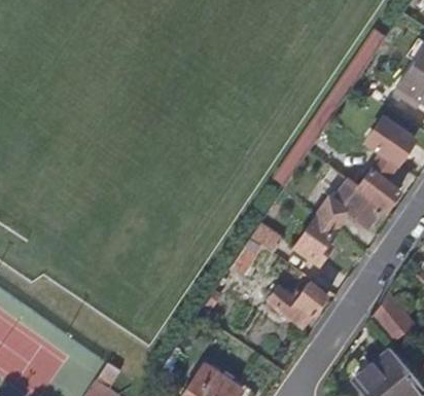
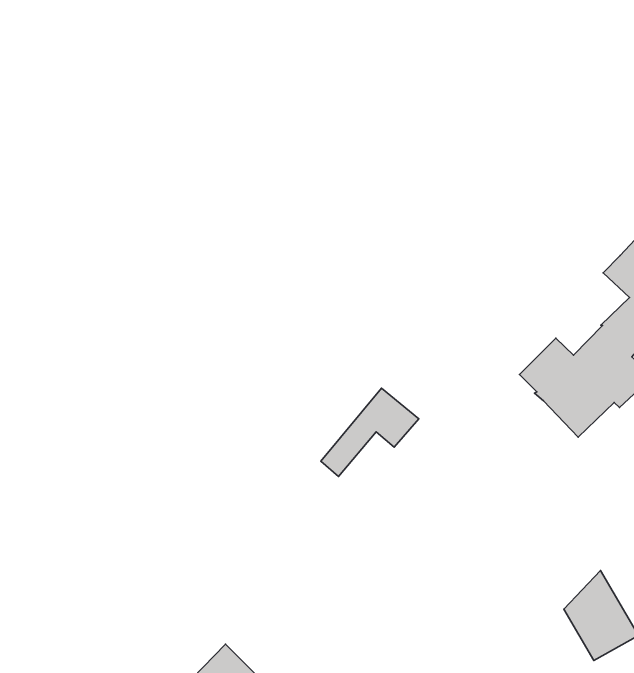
building: [293,199,346,262] -> none
building: [269,282,328,326] -> none

